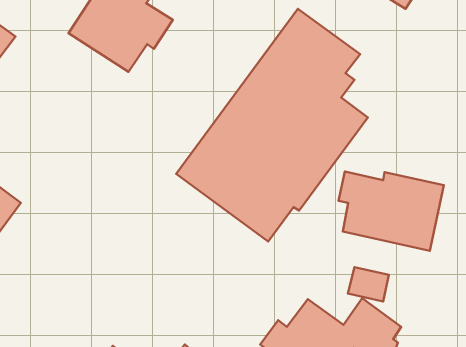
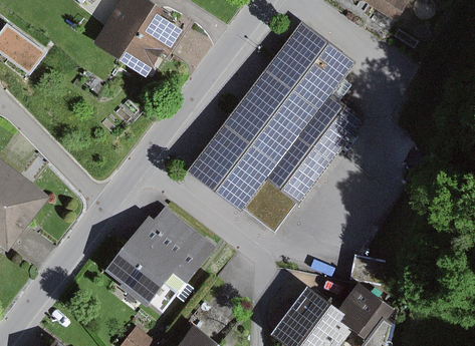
building: [339,171,444,251] -> none
building: none -> [104,208,213,310]

